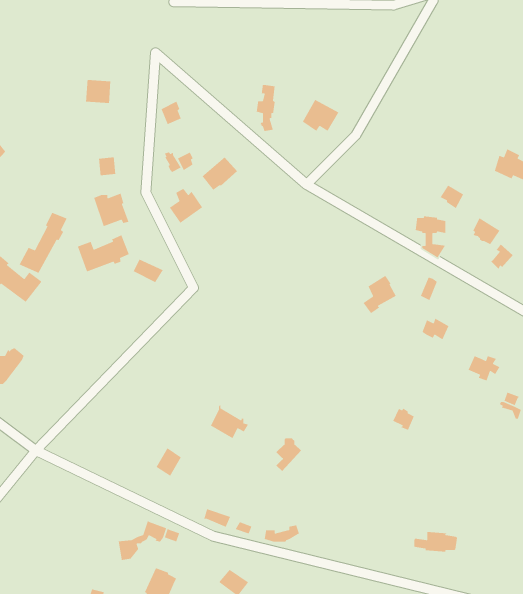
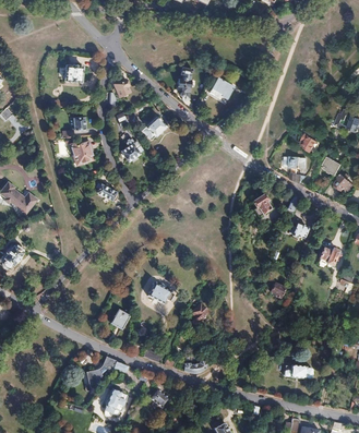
building: [18,212,68,274] -> none
building: [77,234,130,272] -> none

